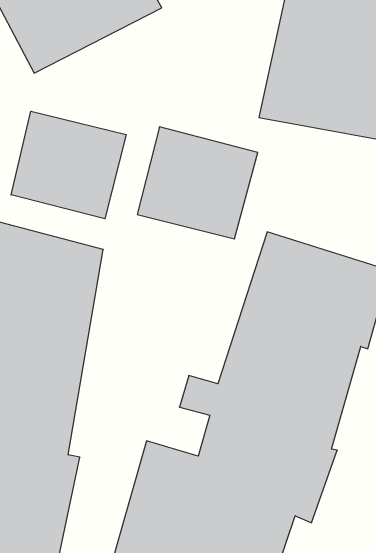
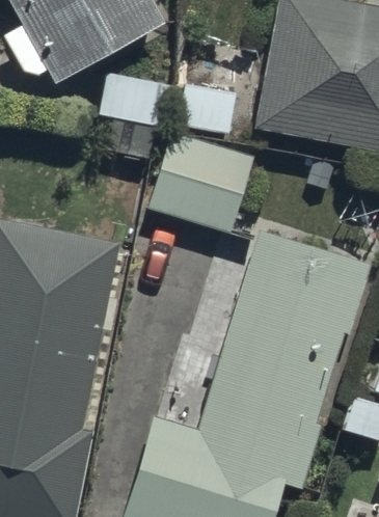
building: [11,111,126,219] -> none

